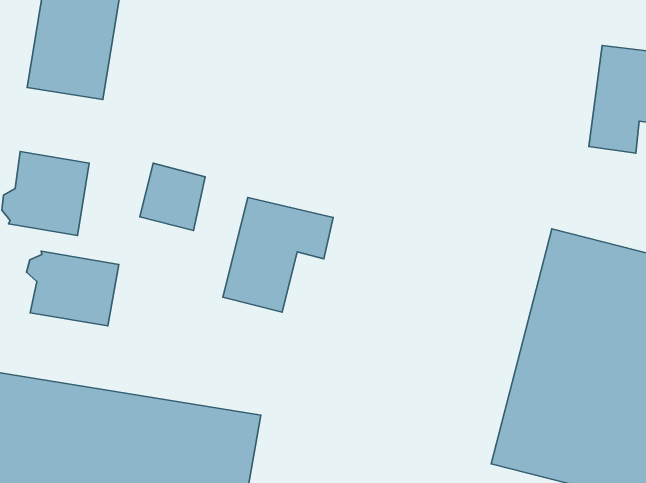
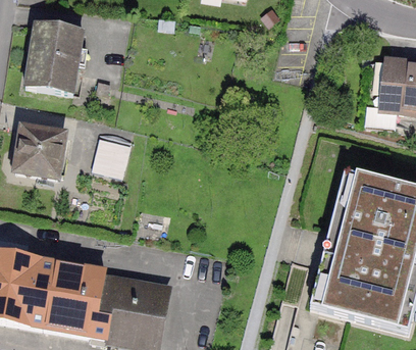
building: [223,198,333,312] -> none
building: [27,251,119,326] -> none

